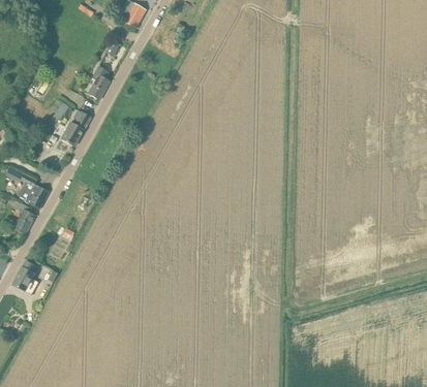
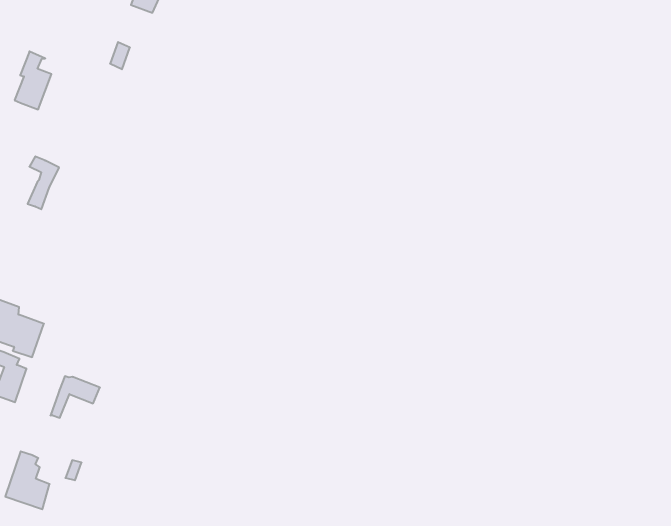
building: [86,66,109,99] -> [15,51,51,109]
building: [60,111,89,144] -> none

